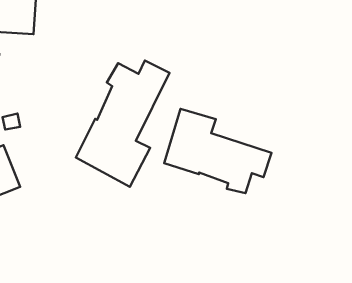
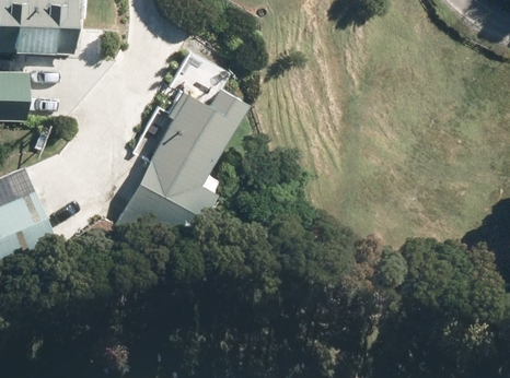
building: [164,109,272,193] -> none

